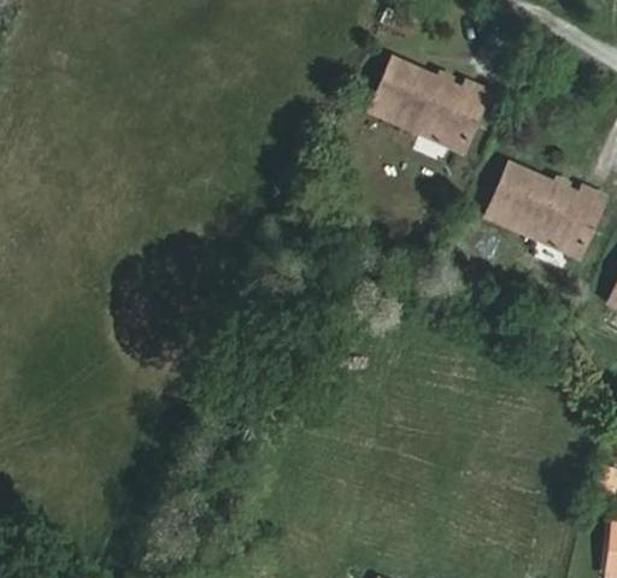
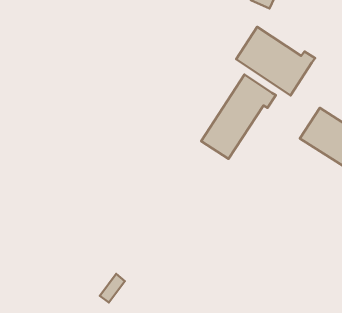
building: none -> [201,75,276,159]

